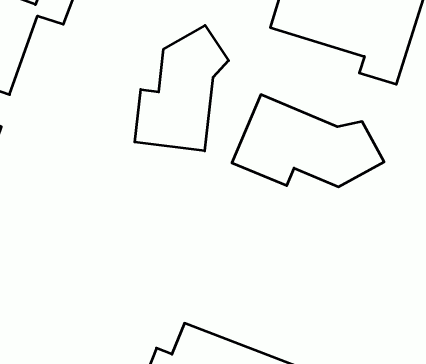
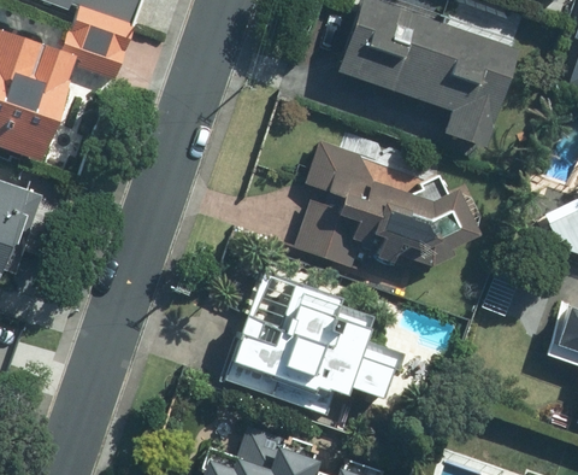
building: [135,25,229,151] -> none
building: none -> [220,272,407,418]

